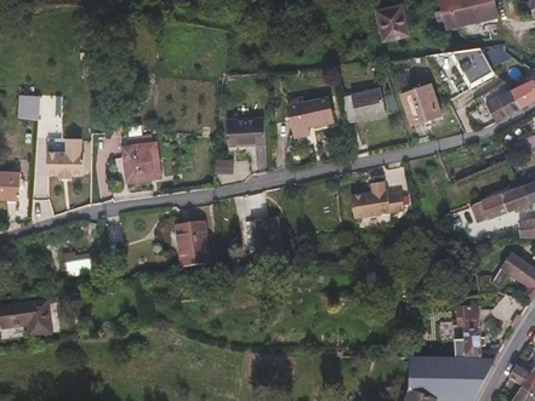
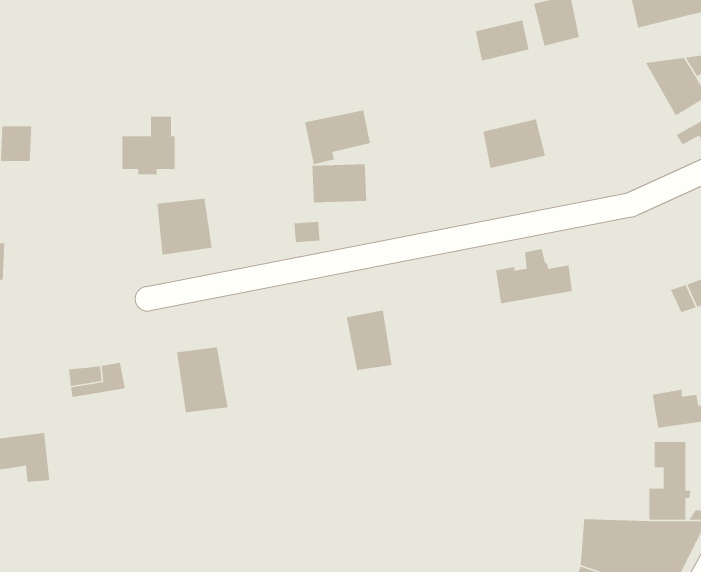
building: none -> [475,20,530,61]
building: [400,84,440,124] -> none
building: [288,97,332,134] -> [304,109,371,165]
building: [46,138,82,178] -> [121,116,175,175]
building: [175,220,210,265] -> [176,347,228,413]

